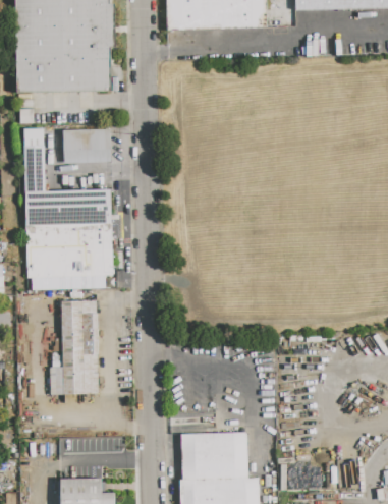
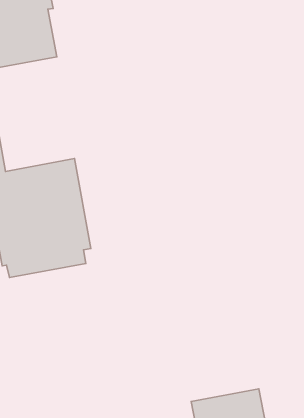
building: [64,129,111,162] -> none
building: [51,300,99,399] -> none

